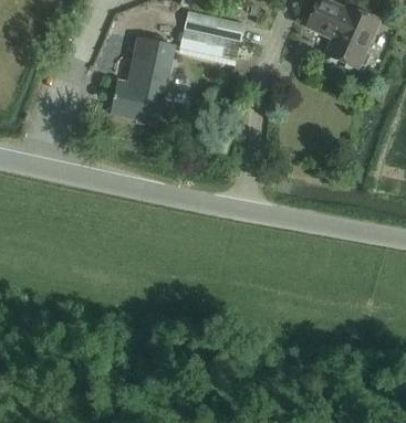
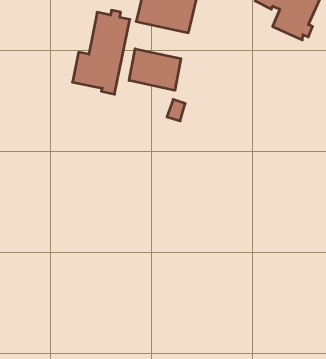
building: none -> [129,49,181,90]

